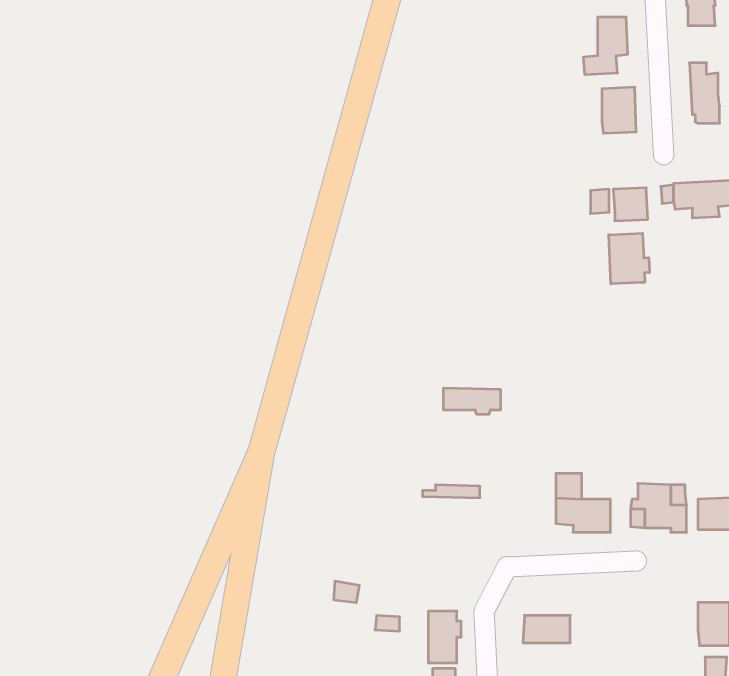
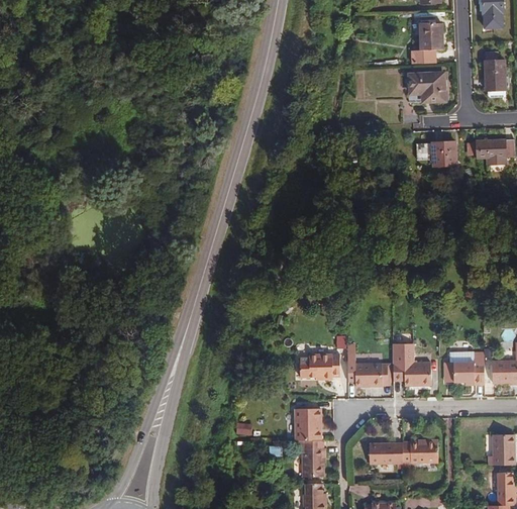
building: none -> [408,73,425,99]
building: [609,233,649,284] -> none
building: [443,388,501,414] -> [298,360,338,378]
building: none -> [346,363,380,386]
building: none -> [295,407,321,440]
building: none -> [402,440,437,463]

